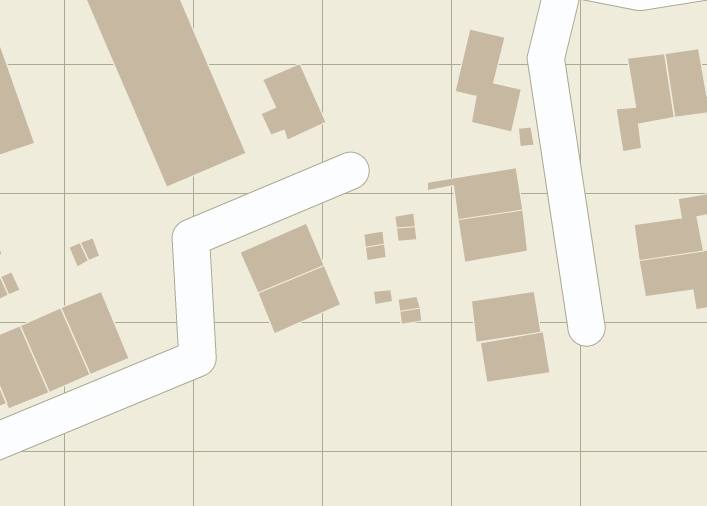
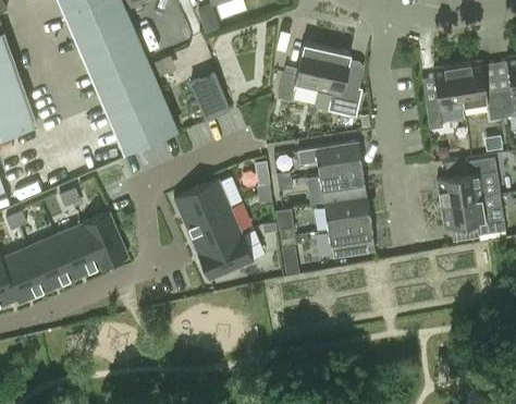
building: none -> [278,44,327,101]
building: none -> [81,212,127,269]
building: none -> [196,233,253,281]
building: [480,332,550,382] -> [323,197,370,231]

